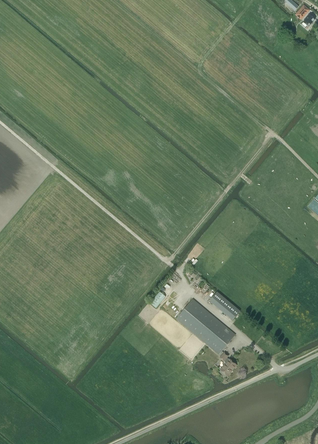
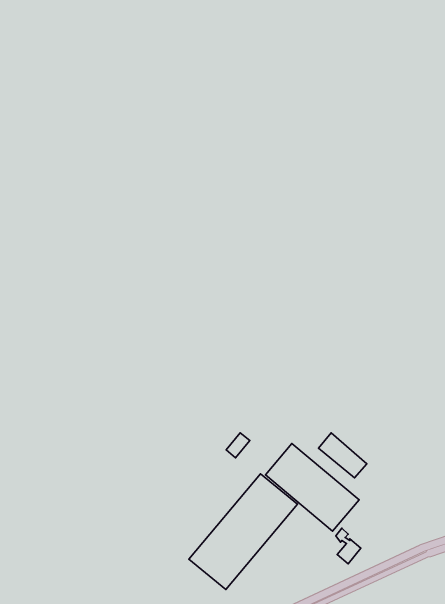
building: none -> [189,474,297,590]

